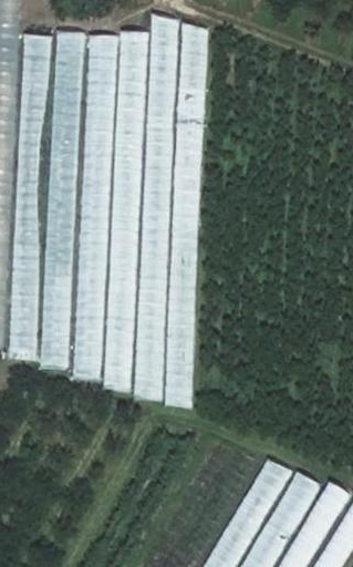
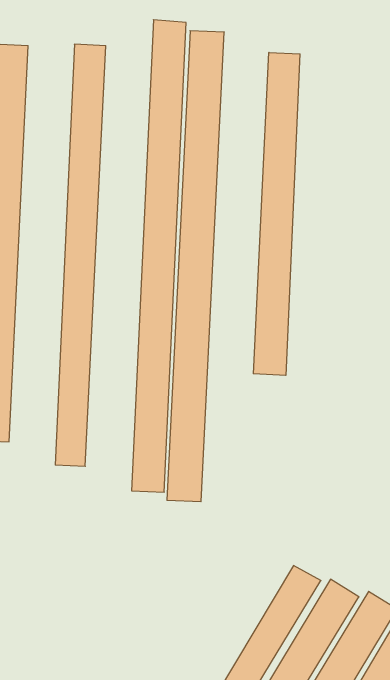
building: [39,31,85,369] -> none
building: [101,31,147,392] -> none
building: none -> [253,52,300,375]

